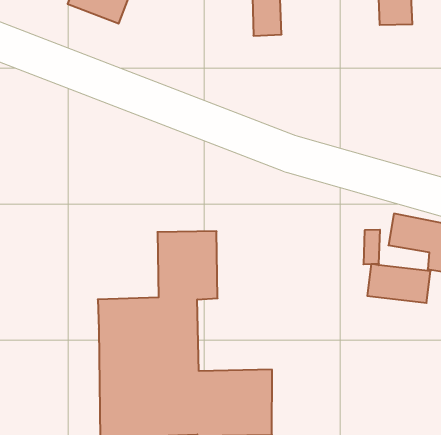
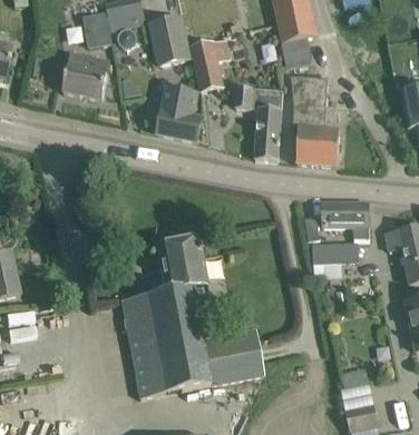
building: none -> [157,89,203,141]
building: none -> [292,76,340,166]
building: none -> [236,86,284,160]

